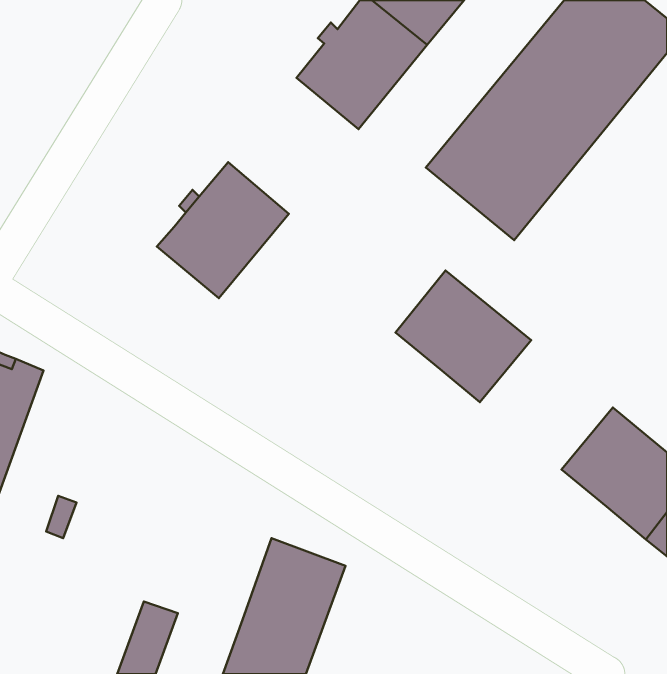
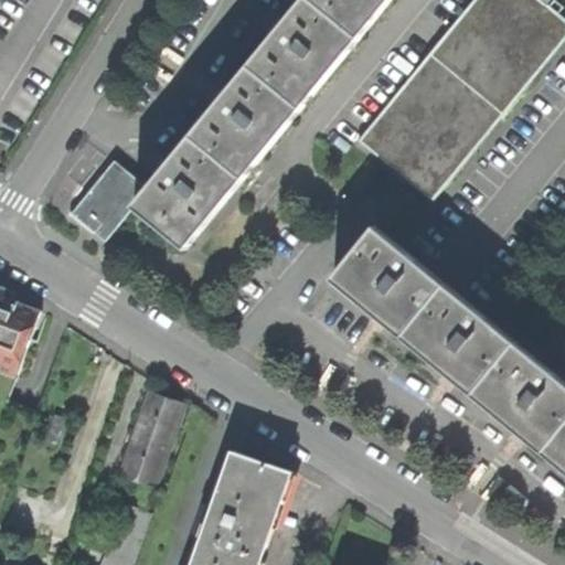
building: none -> [191,65,300,179]
building: none -> [67,160,146,242]
building: none -> [402,285,513,393]
building: none -> [117,393,180,487]

